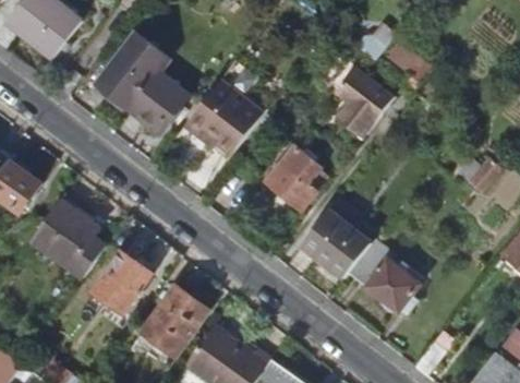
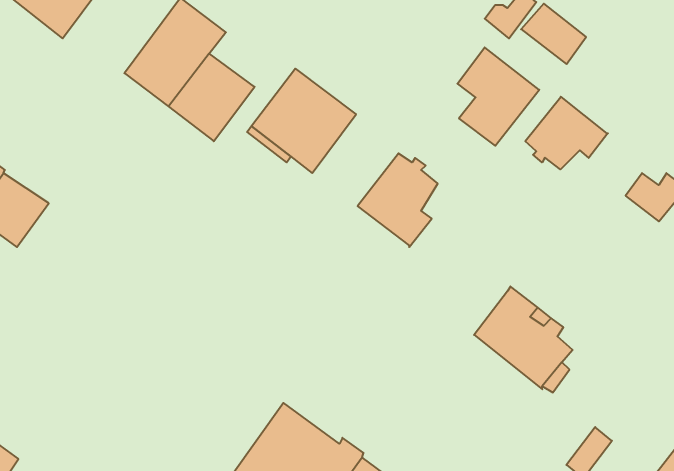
building: none -> [525,97,608,169]
building: [303,199,373,278] -> none
building: [35,201,105,272] -> none
building: [82,251,149,328] -> none
building: [140,287,206,357] -> none

